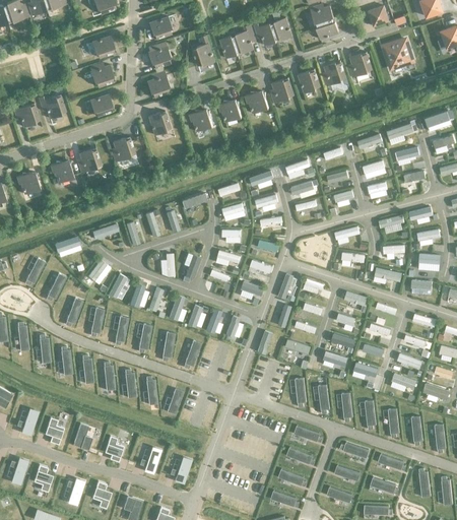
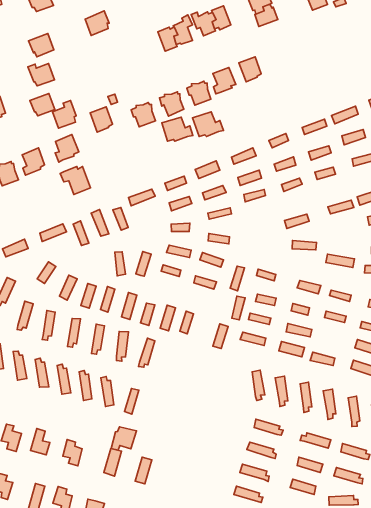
building: [192,36,214,66] -> none
building: [383,39,412,68] -> none
building: [147,42,171,68] -> none
building: [349,52,372,78] -> none
building: [323,61,345,86] -> none
building: [146,71,170,98] -> [52,101,76,128]
building: none -> [193,112,223,137]
building: none -> [162,117,193,141]
building: none -> [60,166,91,195]
building: none -> [111,427,137,450]

